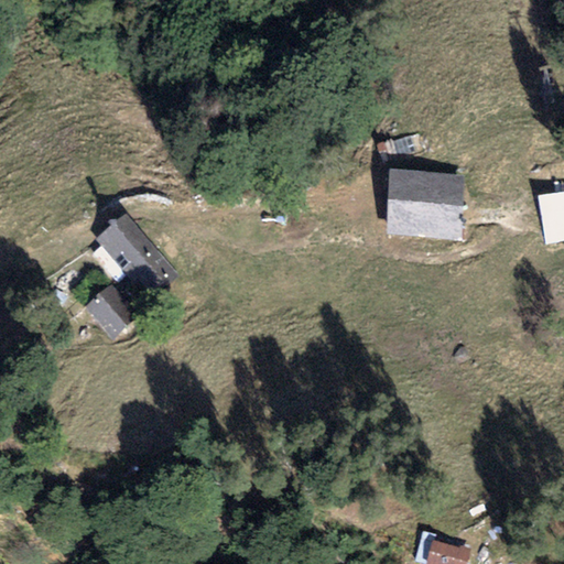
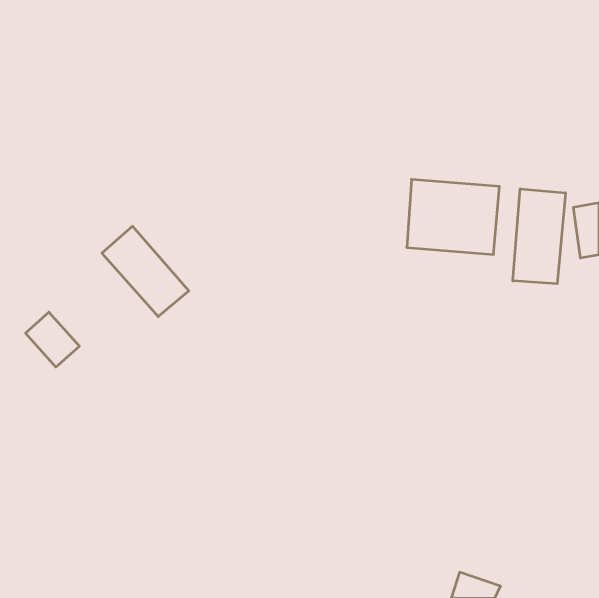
building: none -> [513,189,565,284]
building: [84,286,134,338] -> [26,312,79,367]

